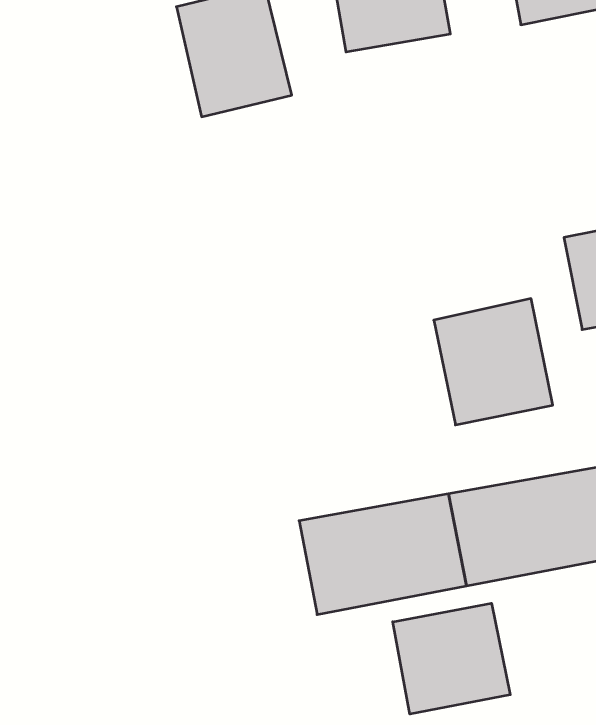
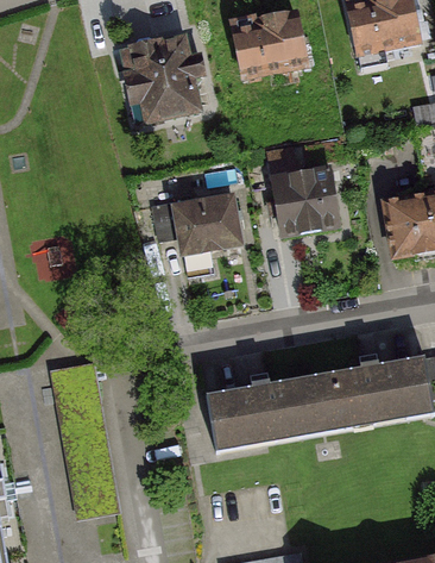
building: none -> [169,189,247,267]
building: [434,299,553,425] -> [265,157,343,240]
building: [393,603,510,714] -> none

